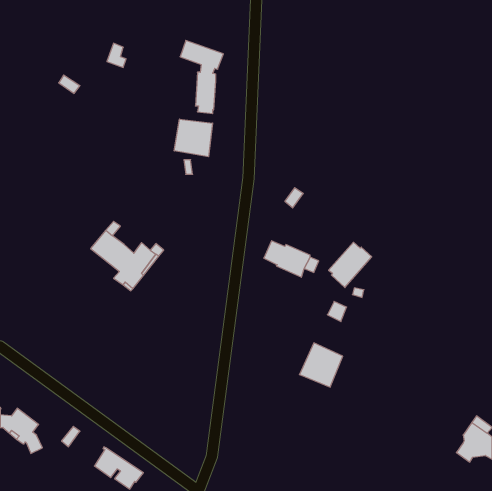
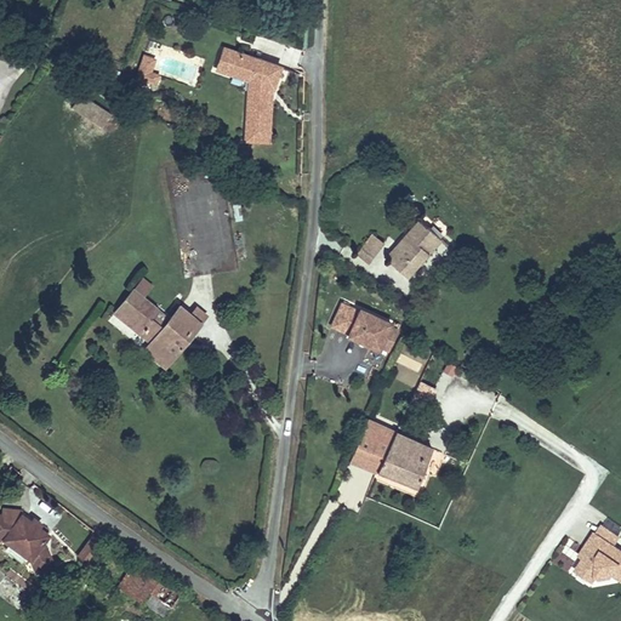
building: [174,119,213,157] -> none
building: [329,242,372,288] -> [388,222,443,279]
building: none -> [349,421,395,473]

